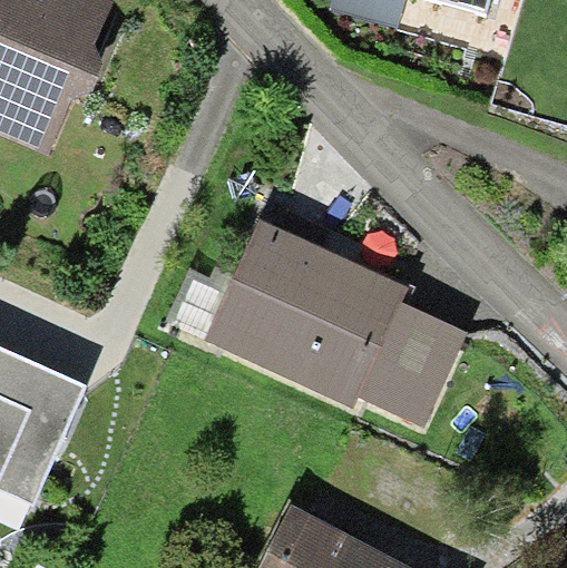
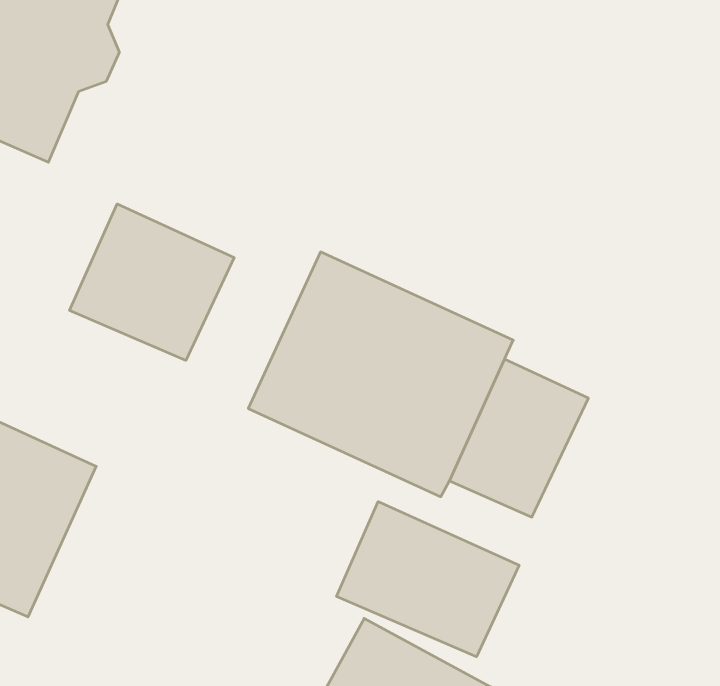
building: none -> [70,204,234,360]
building: none -> [337,502,519,657]

